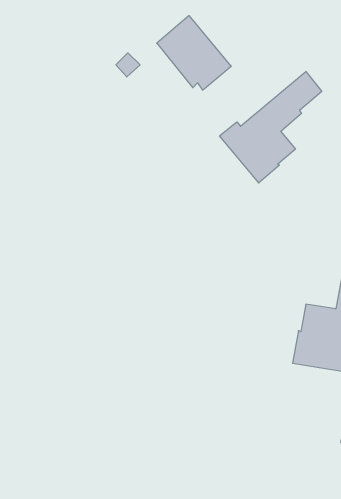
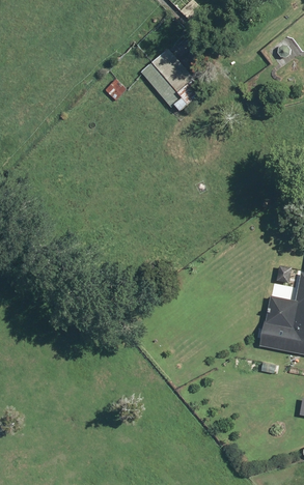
building: [220,71,322,183] -> none

